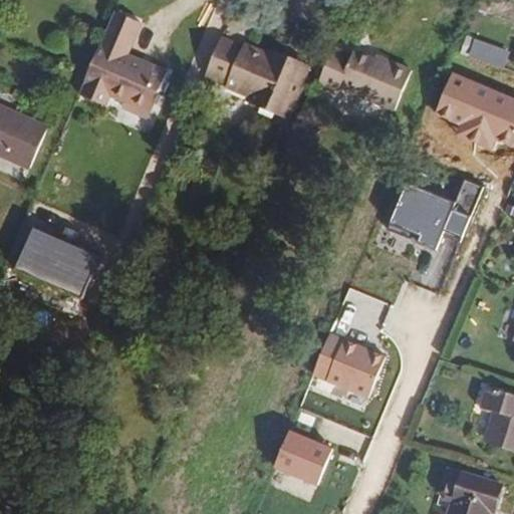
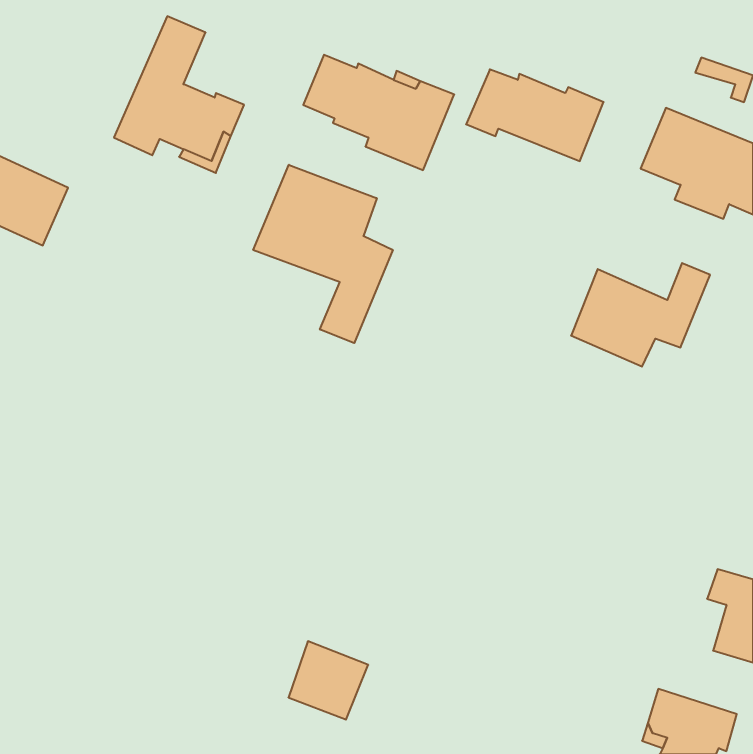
building: none -> [253,165,393,343]
building: [14,227,91,294] -> none
building: [311,333,384,400] -> none
building: [277,431,331,484] -> [288,641,368,720]

